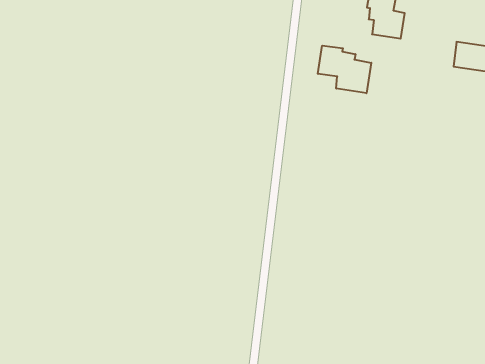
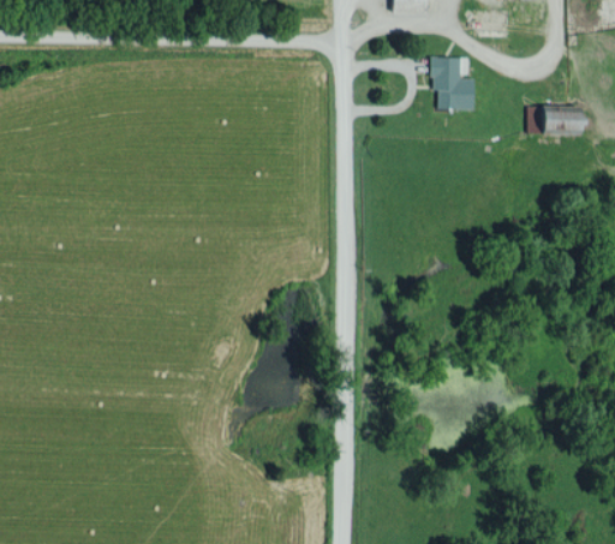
building: [318,46,371,93] -> none

